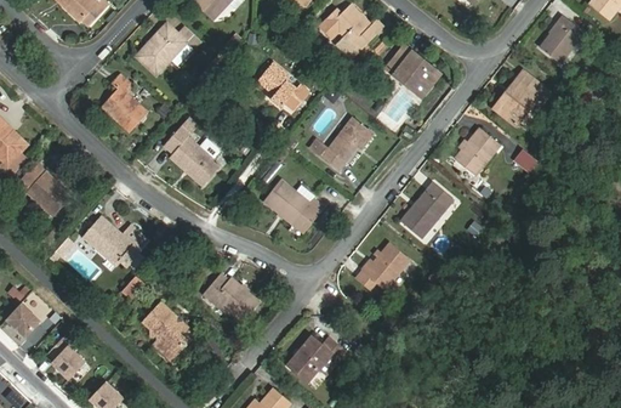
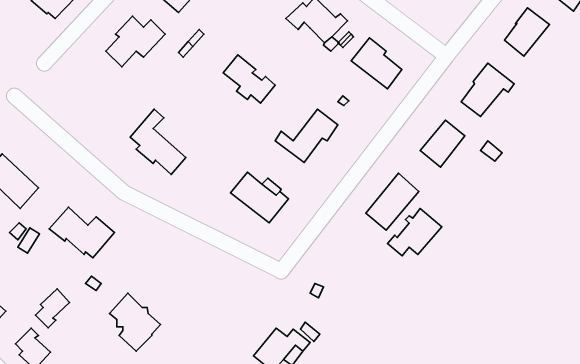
building: [102,74,147,131] -> none
building: [355,242,410,289] -> [388,209,442,256]
building: [204,273,260,322] -> none
building: none -> [36,289,70,328]

